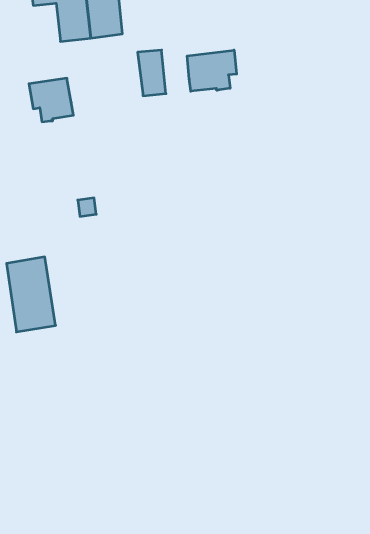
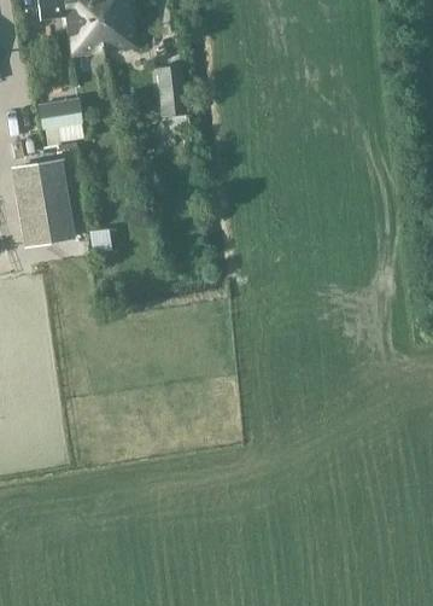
building: [187,50,237,91] -> none
building: [7,257,56,332] -> [17,161,71,244]

